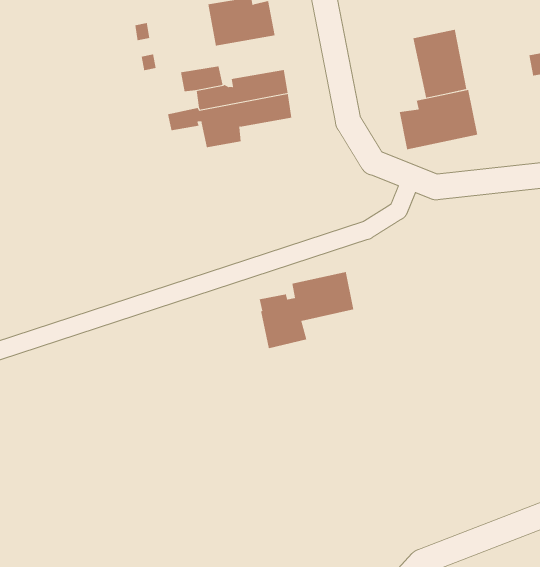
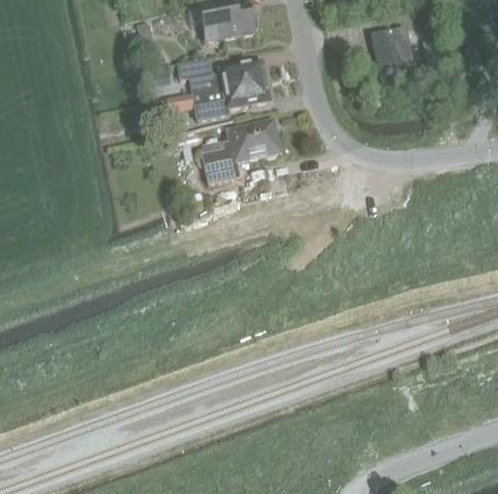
building: [399,89,478,150] -> none
building: [259,272,354,349] -> [201,120,281,184]

